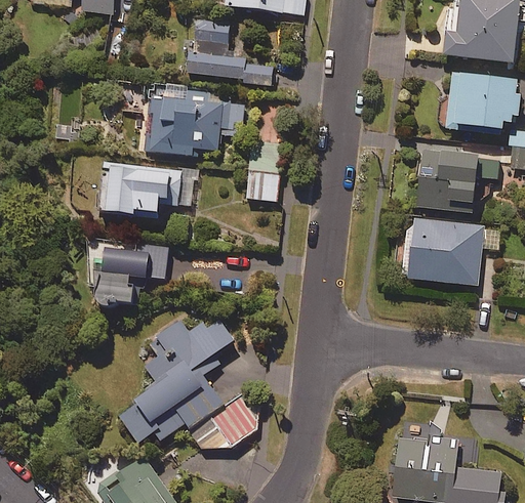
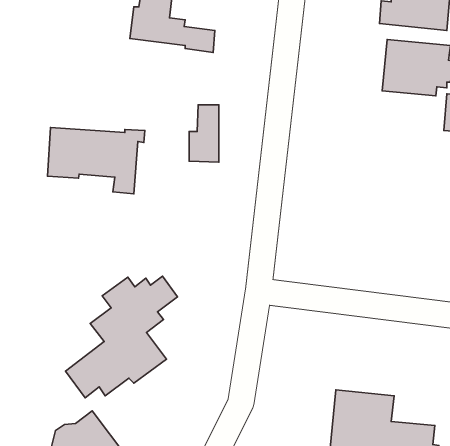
building: [150,97,242,155] -> none
building: [414,146,498,210] -> none
building: [404,219,501,285] -> none
building: [87,245,166,304] -> none
building: [190,397,259,448] -> none

